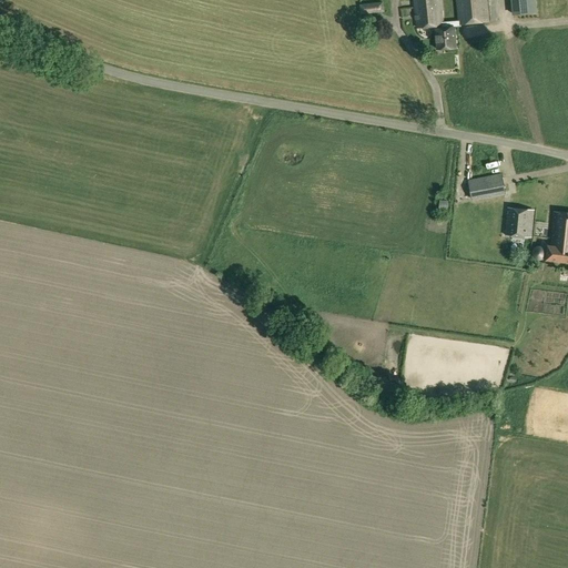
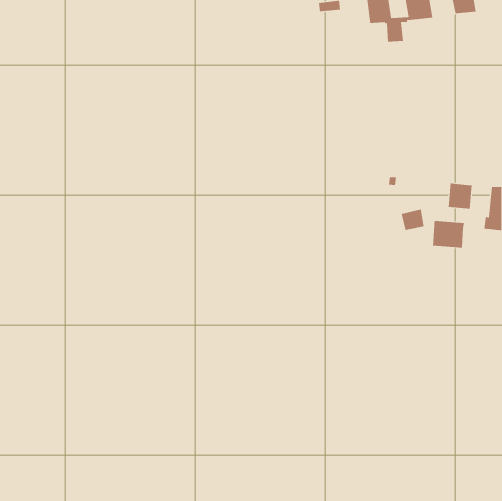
building: [468,174,495,199] -> [401,209,425,231]
building: none -> [432,220,464,249]

